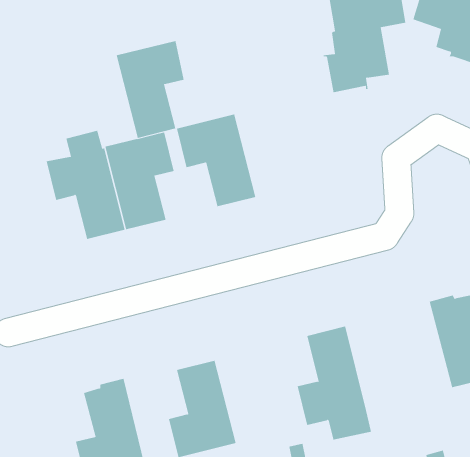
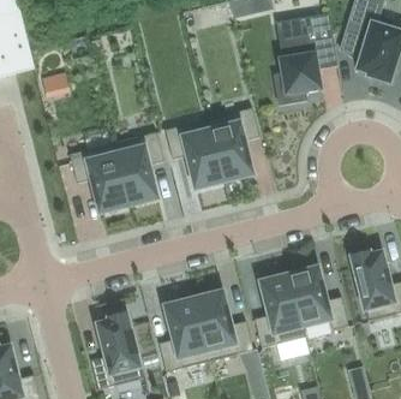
building: [116,41,184,138] -> [209,108,259,180]
building: none -> [291,268,349,338]
building: none -> [194,293,253,362]

